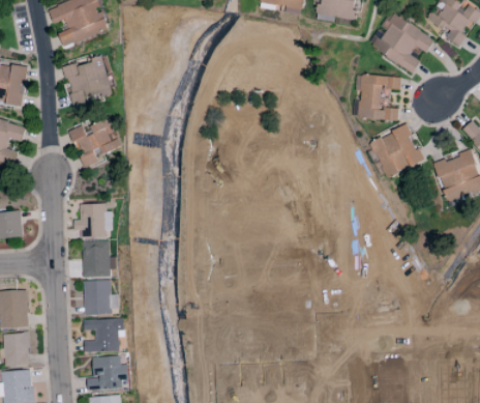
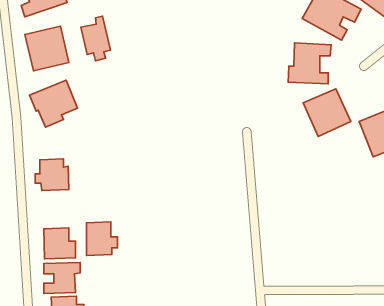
building: none -> [81,16,110,61]
building: [83,240,117,278] -> [87,222,117,255]

